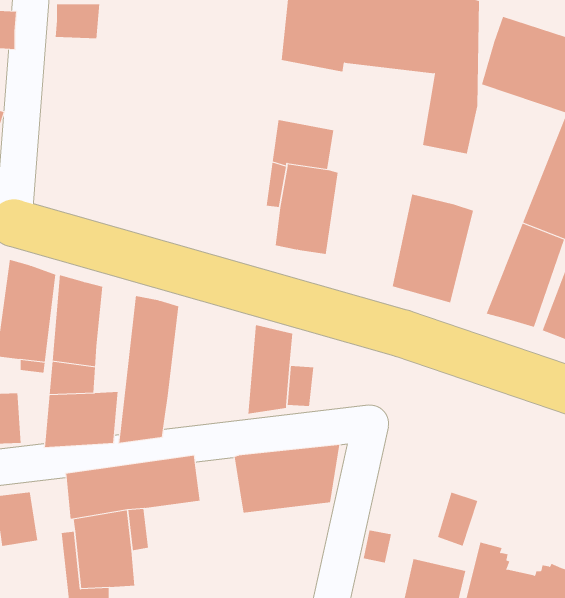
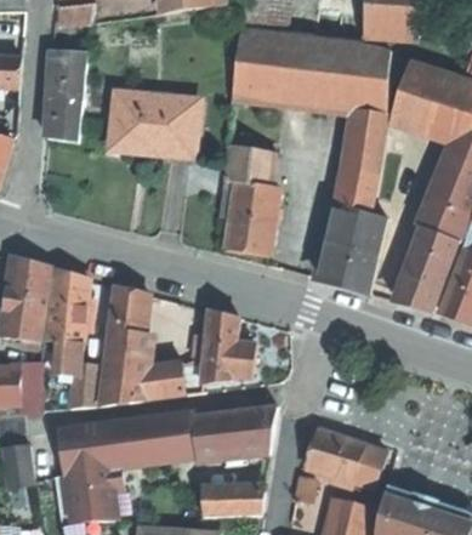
building: none -> [45,80,83,143]
building: none -> [109,93,197,156]
building: none -> [334,166,379,214]
building: none -> [135,360,188,399]
building: none -> [160,409,197,450]
building: none -> [307,428,365,479]
building: none -> [201,486,263,514]

